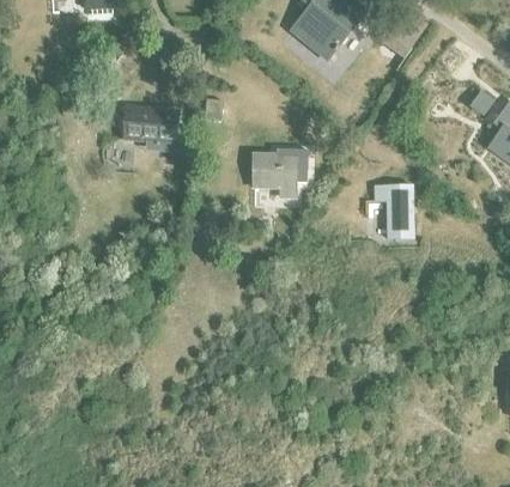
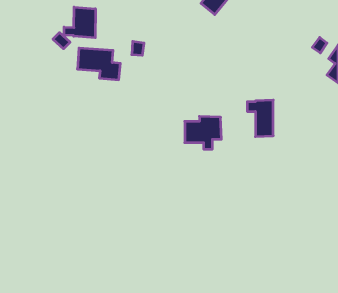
building: none -> [64,7,95,38]
building: [251,148,305,196] -> [185,116,221,149]

